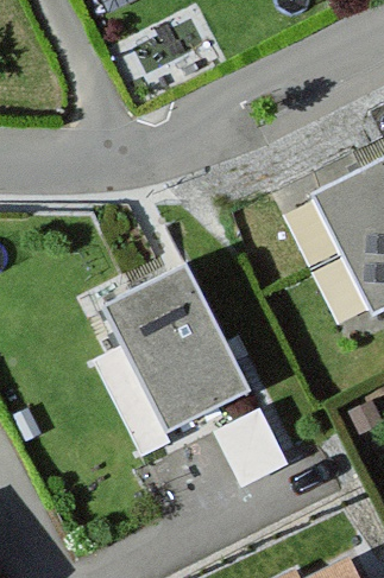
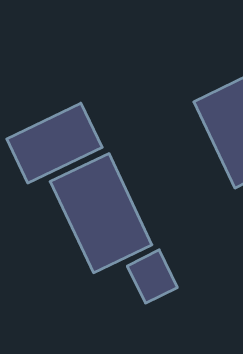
building: none -> [7,103,102,183]

